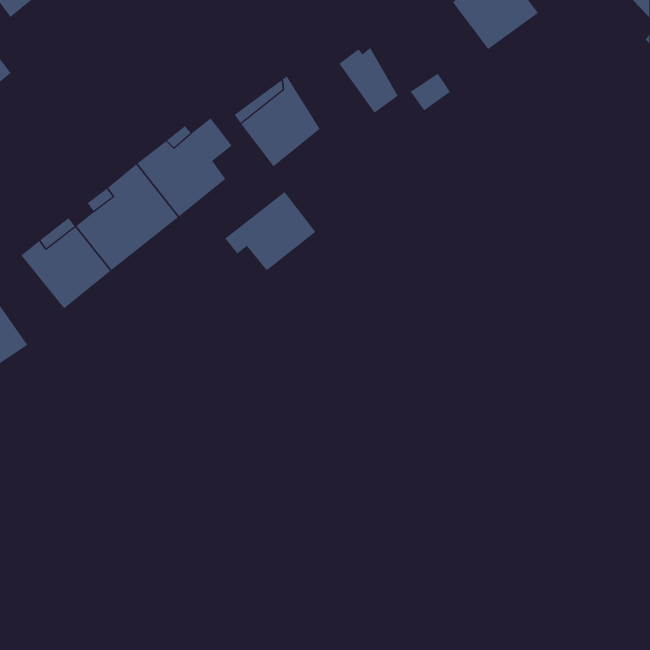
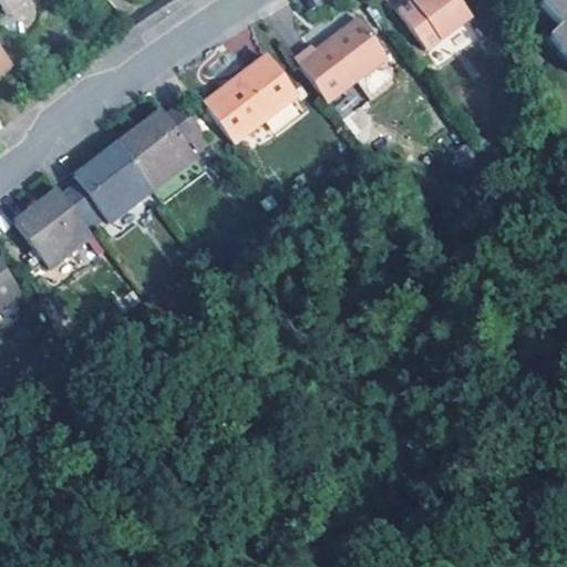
building: none -> [321,16,386,83]
building: none -> [249,53,299,112]
building: [225,191,316,271] -> none

